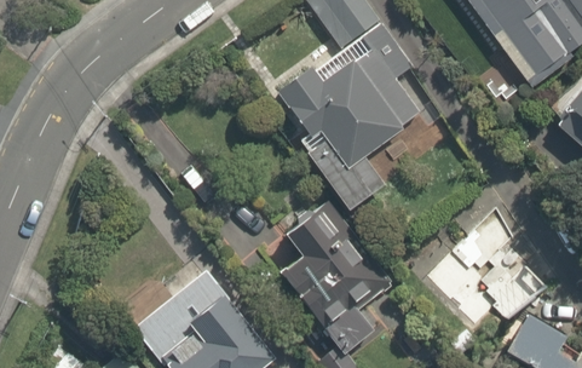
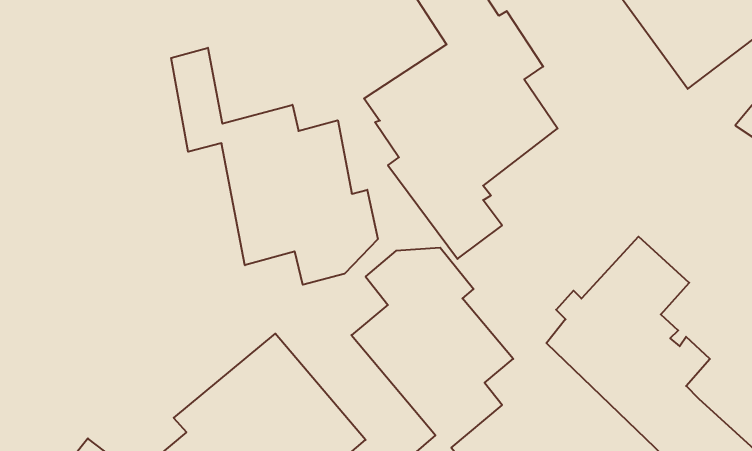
building: none -> [171,48,378,285]

